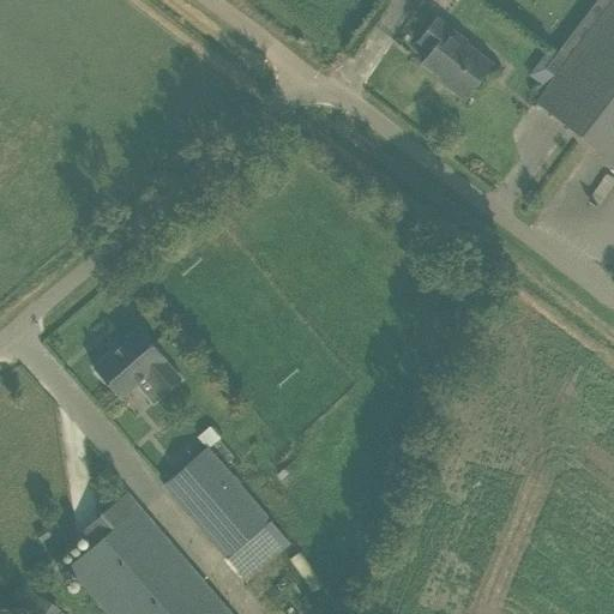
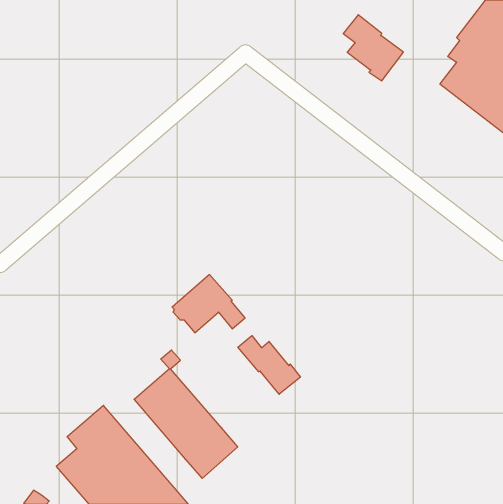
building: [94,327,182,398] -> [172,275,245,333]
building: none -> [238,336,300,394]

